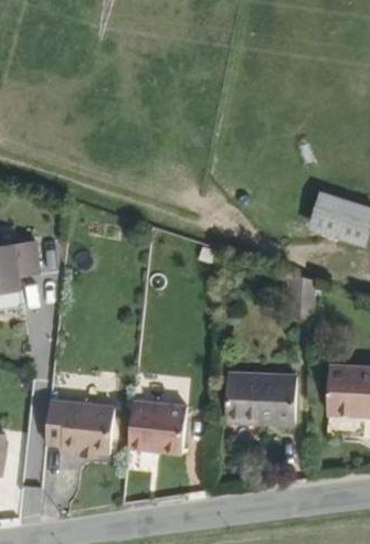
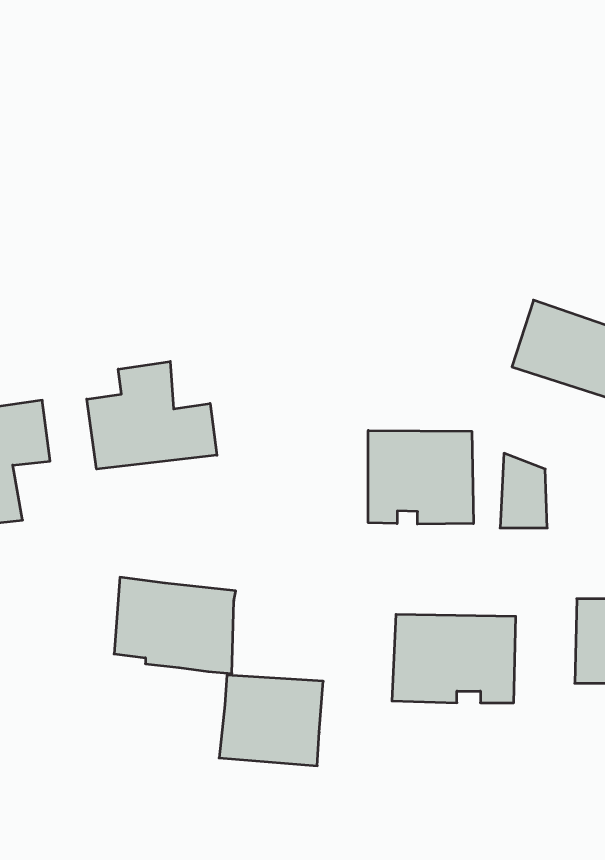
building: none -> [87,361,217,469]
building: none -> [368,430,473,524]
building: [47,397,116,451] -> [114,577,236,673]

